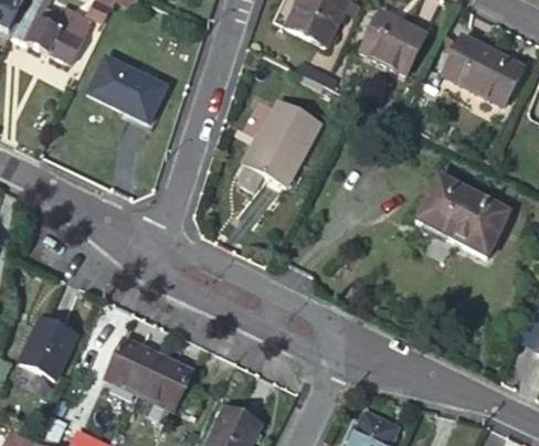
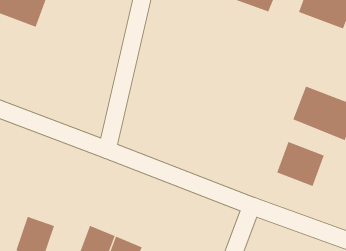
building: [92,56,170,124] -> none
building: [245,97,319,185] -> none
building: none -> [276,141,325,187]

